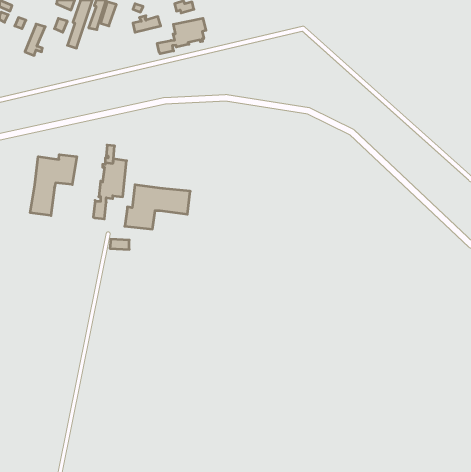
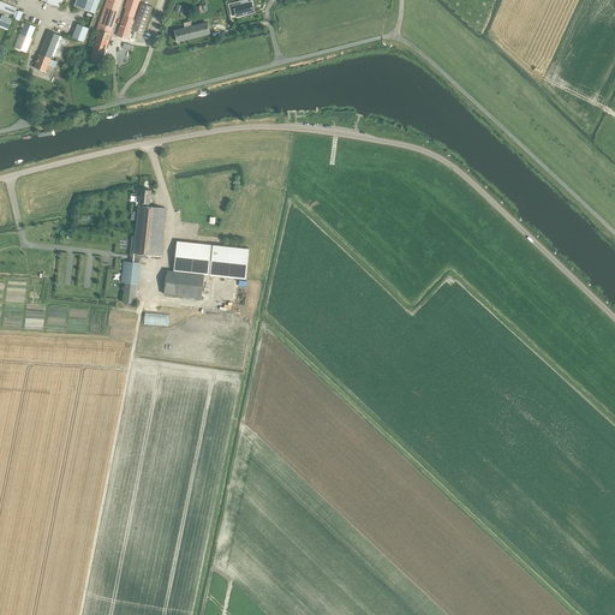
building: [157,18,206,54] -> none
building: [30,155,77,216] -> none

